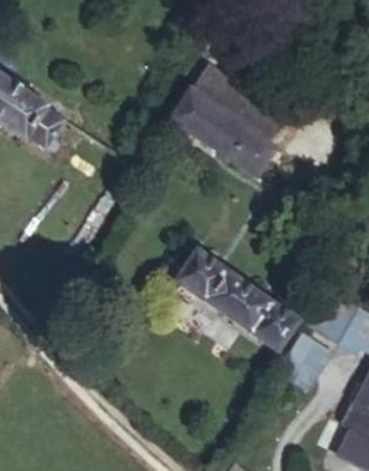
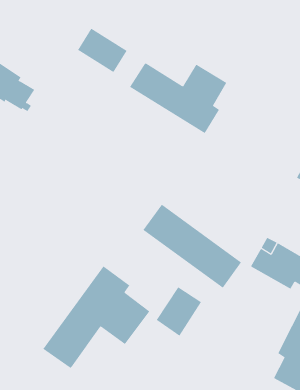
building: [190,67,248,119] -> [77,28,127,73]
building: none -> [43,266,150,370]
building: [279,334,332,392] -> [156,286,202,337]

